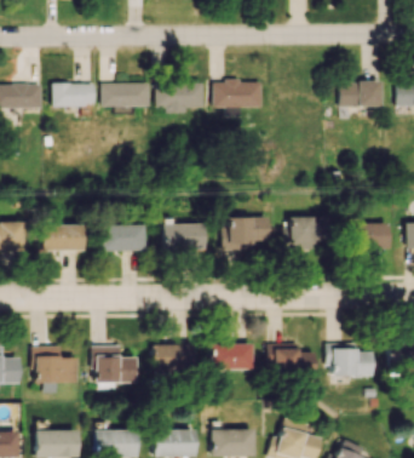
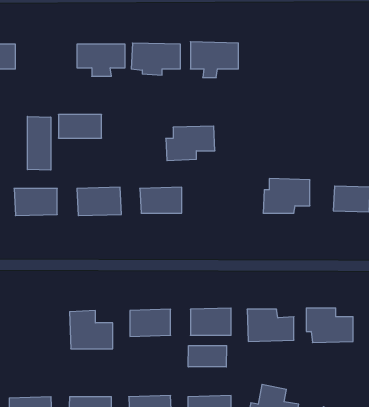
building: [340,81,383,108] -> none
building: [53,84,96,107] -> [58,115,102,138]
building: none -> [27,116,51,170]
building: [223,217,271,251] -> [166,126,215,161]
building: [35,347,79,383] -> none
building: none -> [188,346,227,367]

